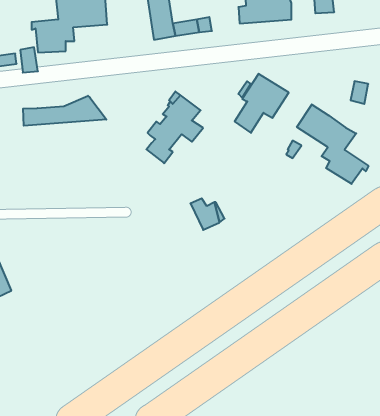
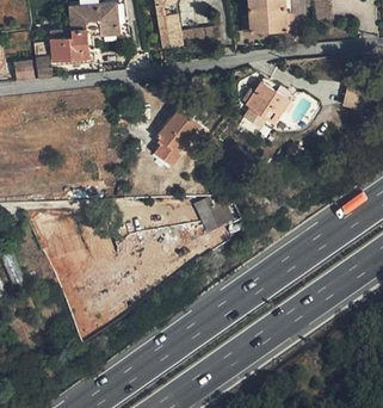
building: [23,96,106,126] -> none
building: [297,104,368,184] -> none

